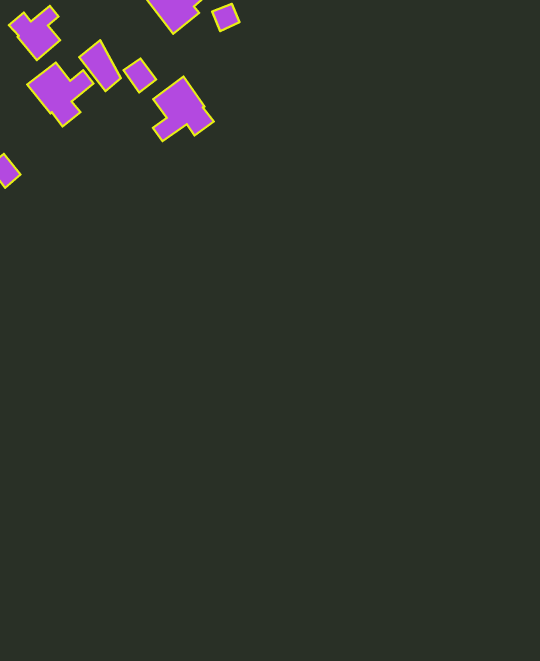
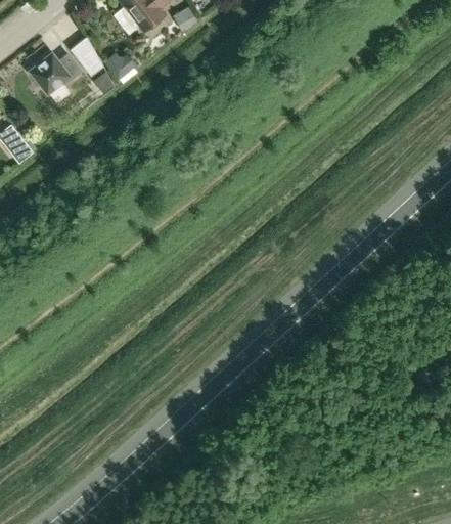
building: [9,6,60,60] -> none
building: [153,77,214,141] -> none

